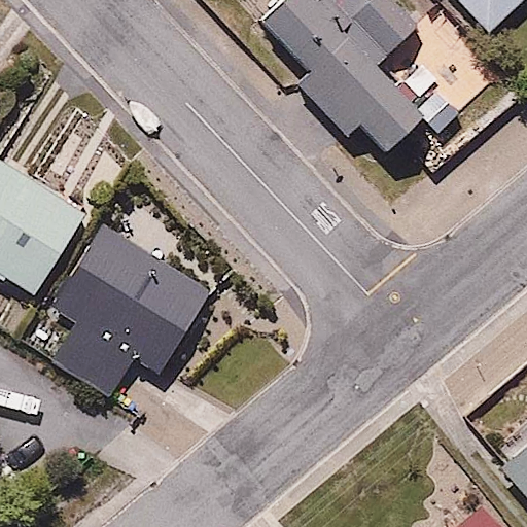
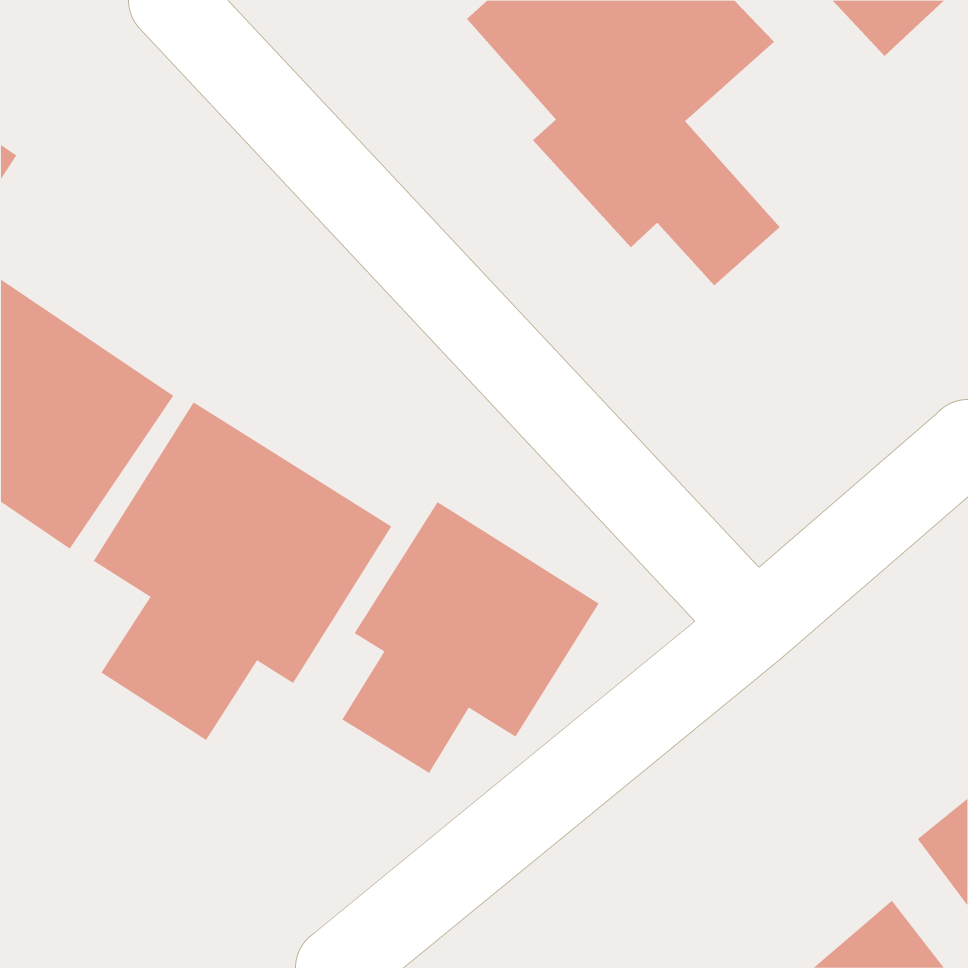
building: none -> [342,501,600,774]

